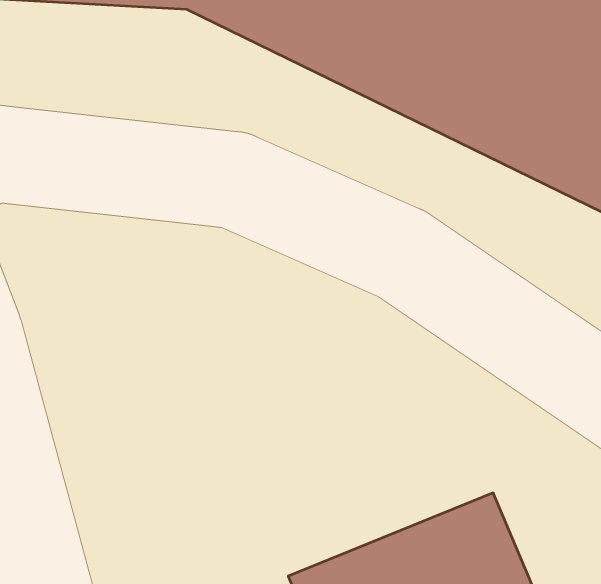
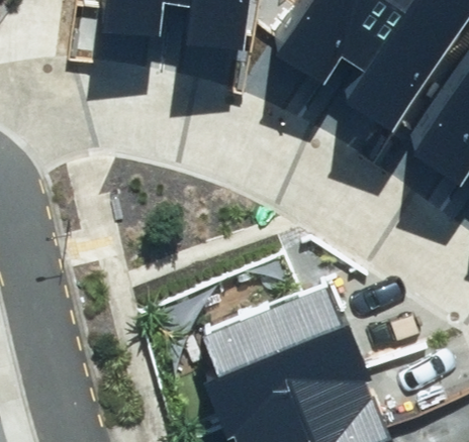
building: none -> [202,277,363,396]

